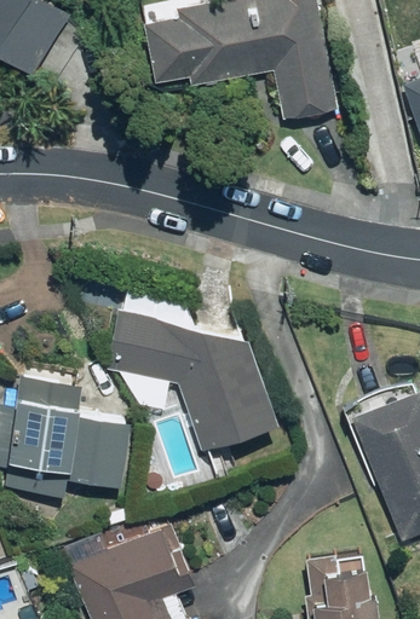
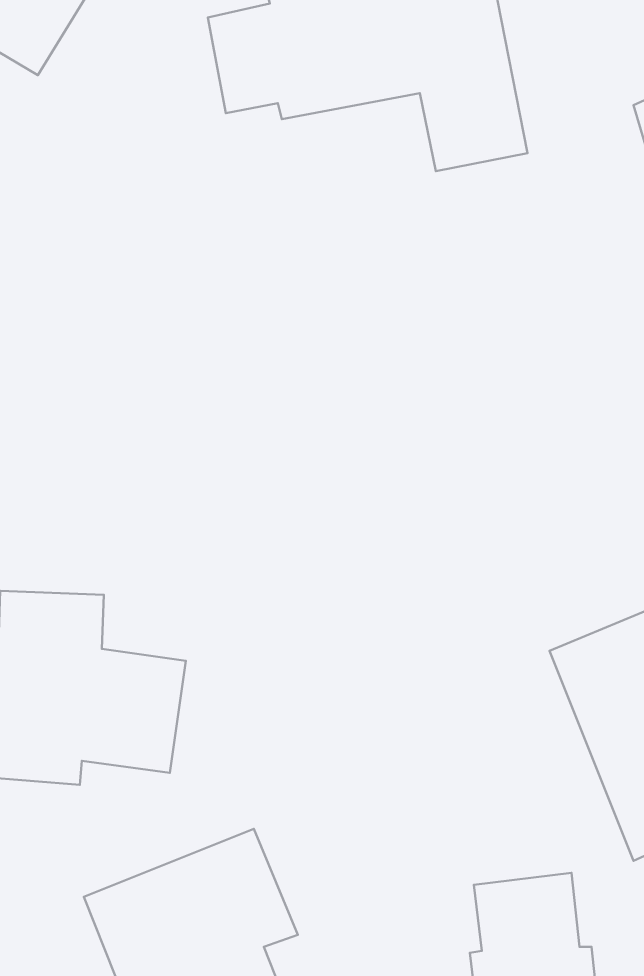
building: [105,308,277,447] -> none

